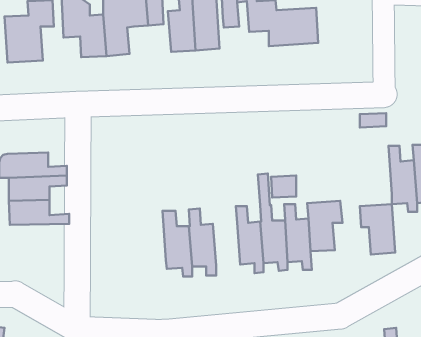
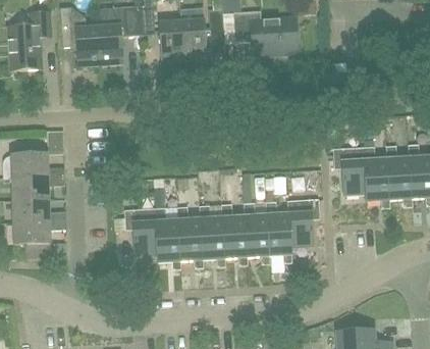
building: [360,204,395,255] -> [333,146,366,193]
building: none -> [200,203,225,265]
building: none -> [124,206,156,253]
building: none -> [11,218,66,257]

